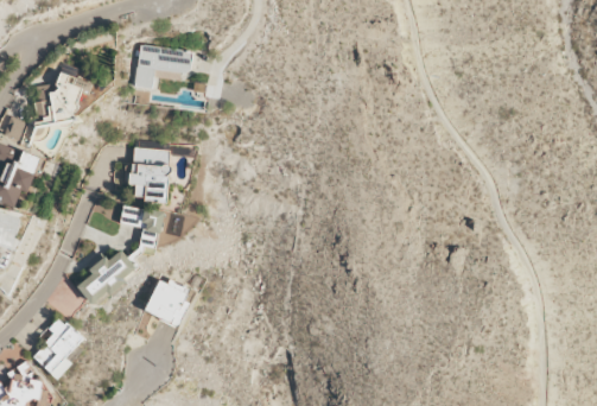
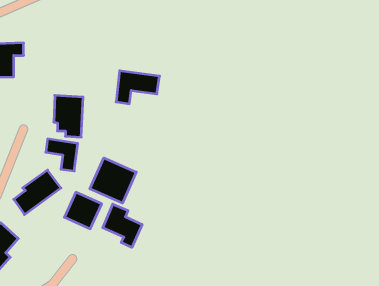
building: [133,44,191,88] -> [116,71,160,104]
building: none -> [90,158,136,203]
building: none -> [103,204,142,247]

